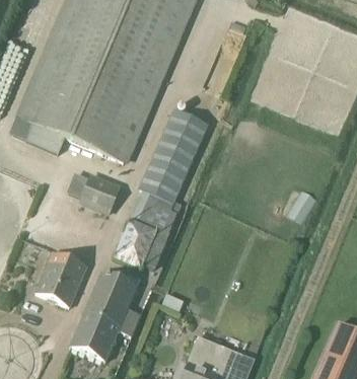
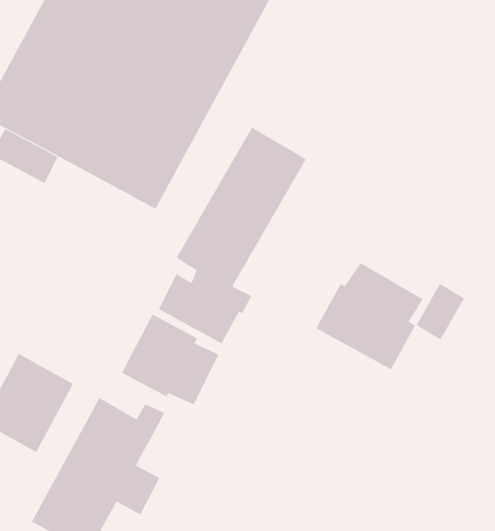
building: [81,173,119,211] -> none
building: none -> [316,262,424,370]

